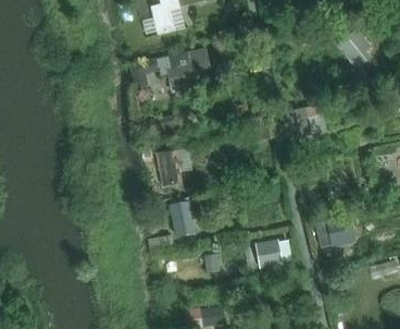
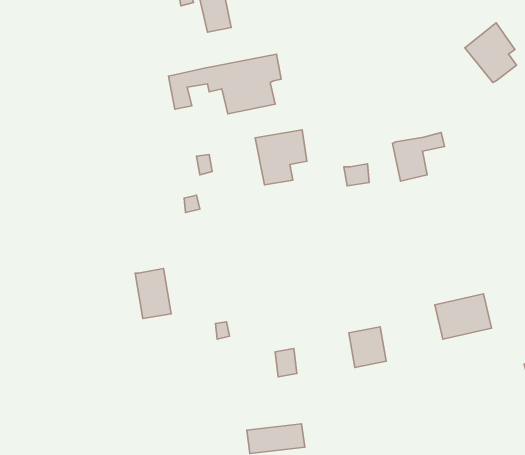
building: [155,147,191,185] -> [255,130,307,185]
building: [170,200,195,235] -> [135,269,171,319]

